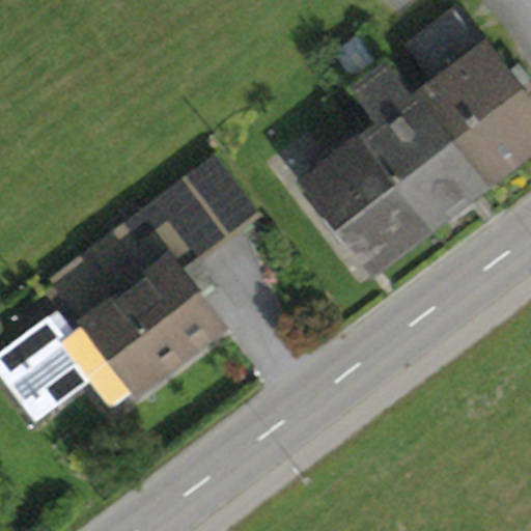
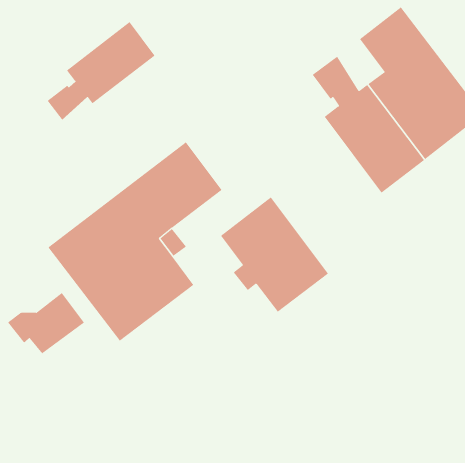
building: none -> [47,21,155,120]
building: [311,137,435,269] -> [220,197,329,313]

